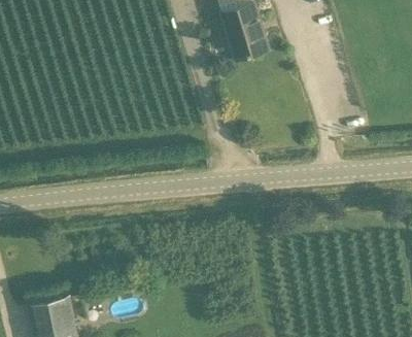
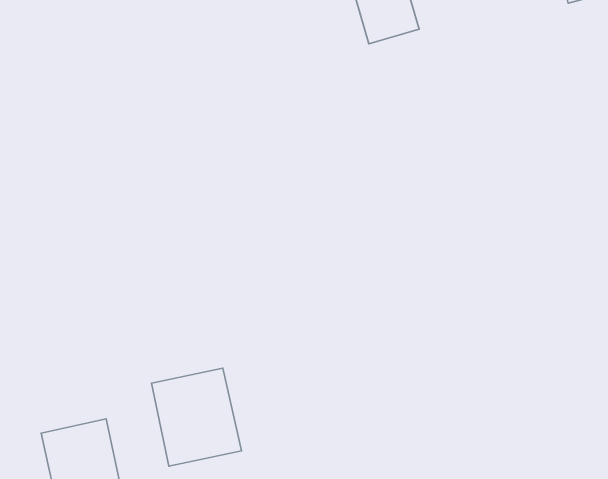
building: none -> [151,368,241,466]

